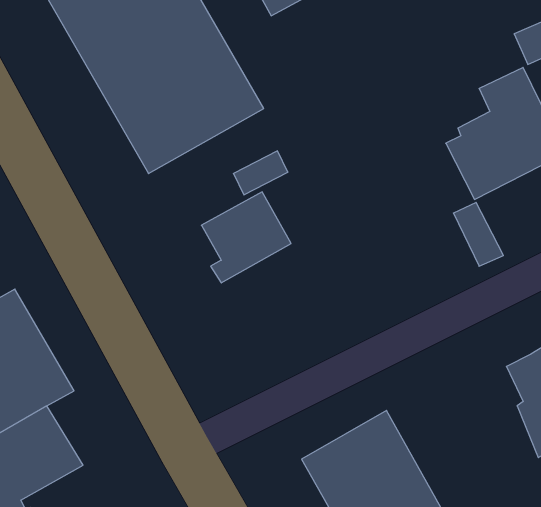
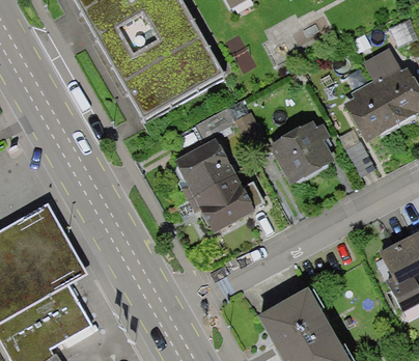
building: none -> [236,110,333,185]
building: none -> [189,170,257,231]

